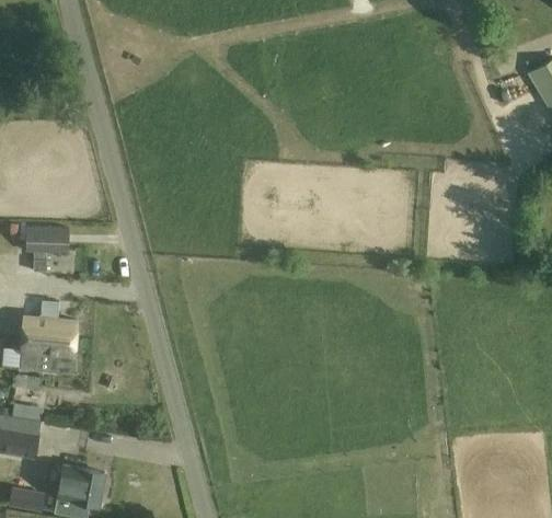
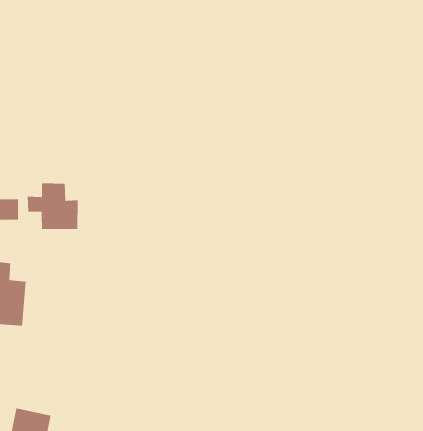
building: none -> [27,182,79,230]

